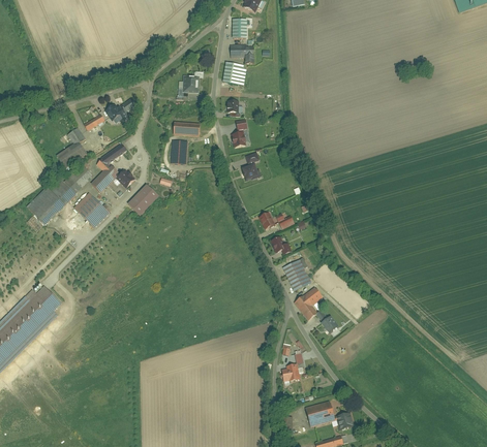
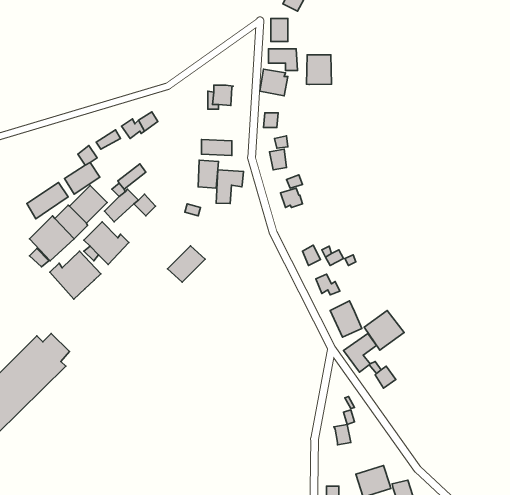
building: none -> [306,55,332,84]
building: none -> [216,170,243,204]
building: none -> [27,183,68,219]
building: [126,185,158,216] -> [168,246,205,282]
building: none -> [50,251,101,299]
building: none -> [364,310,404,350]

